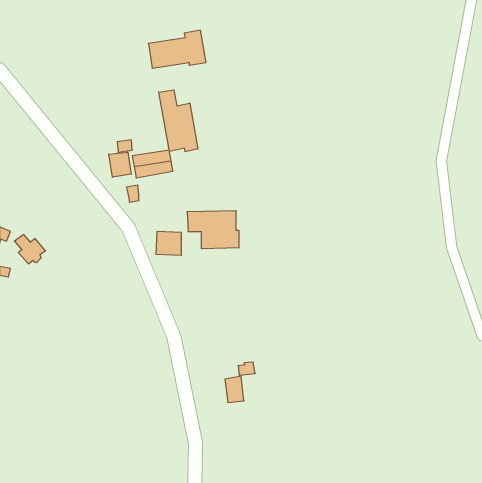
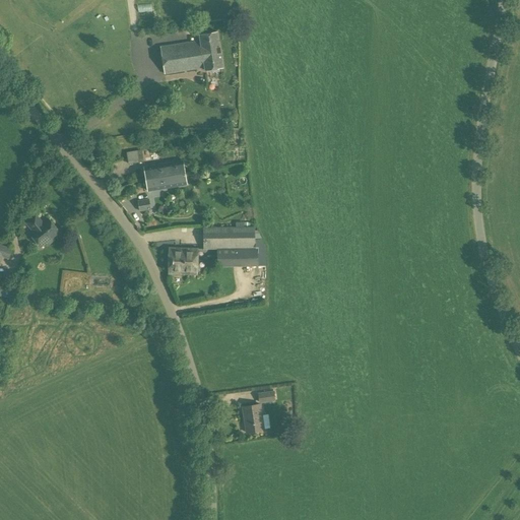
building: [159,90,198,152] -> none
building: [109,152,131,177] -> none
building: [14,235,46,264] -> [24,215,58,247]

